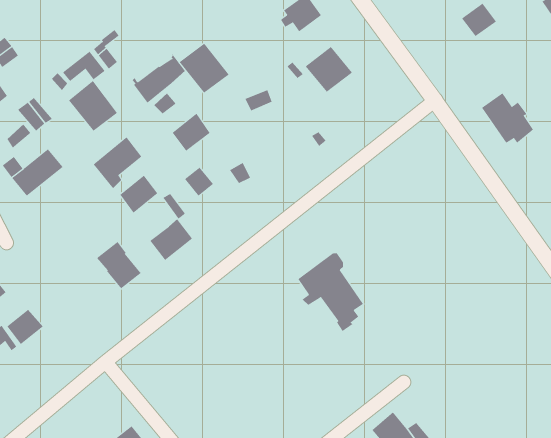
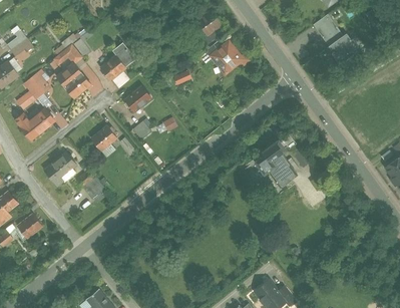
building: [179,43,229,94] -> none
building: [481,92,534,143] -> [322,26,356,59]
building: [93,137,142,189] -> [44,151,76,186]
building: [150,218,193,261] -> none
building: [297,253,364,332] -> [254,141,297,193]

